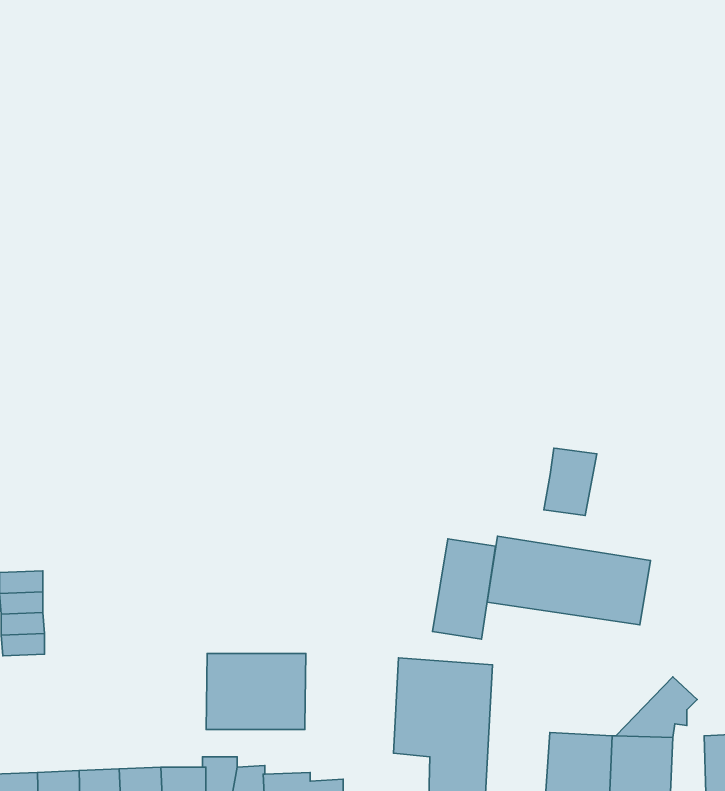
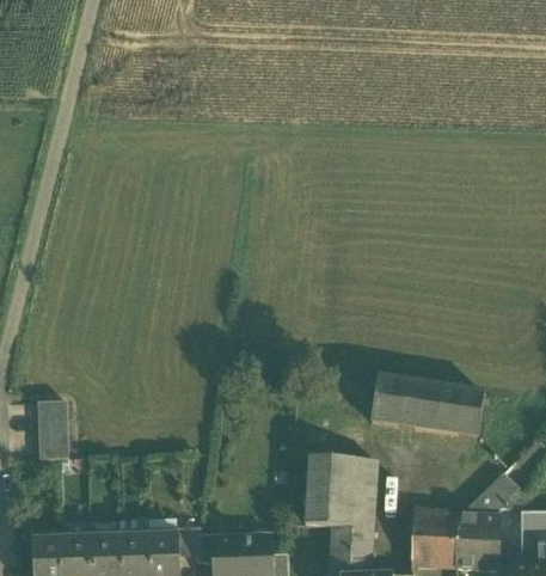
building: [544,448,597,515] -> none
building: [433,539,496,639] -> none
building: [206,653,306,729] -> none

